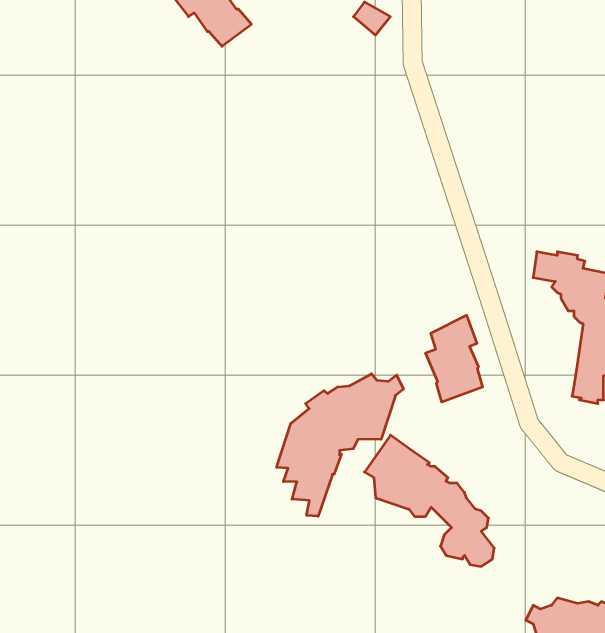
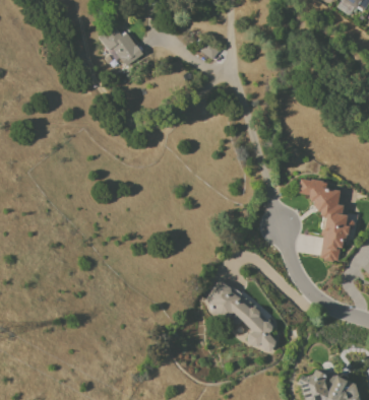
building: [426,315,483,402] -> none
building: [277,374,403,516] -> none

